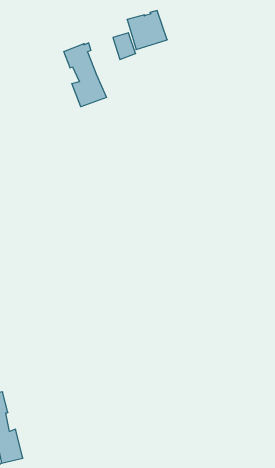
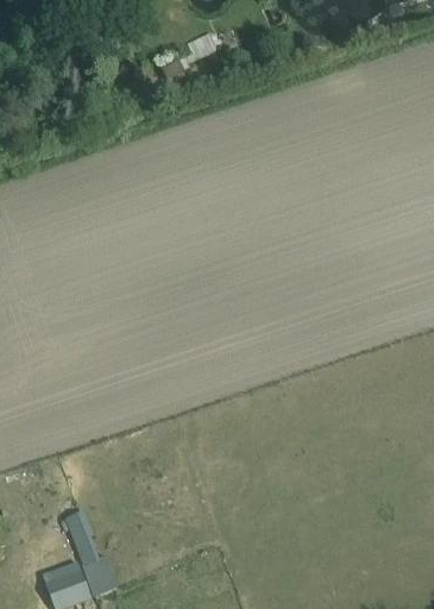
building: [64,43,106,107] -> none

